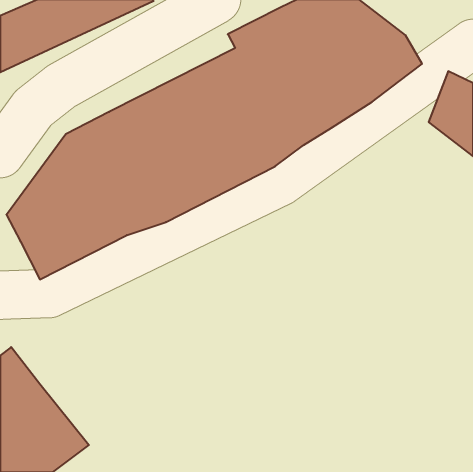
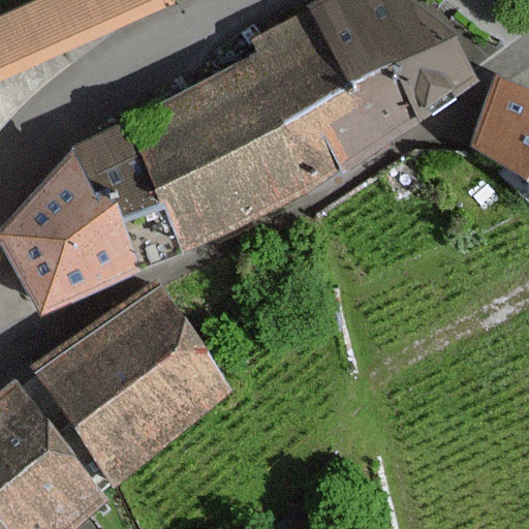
building: none -> [42,286,225,477]

